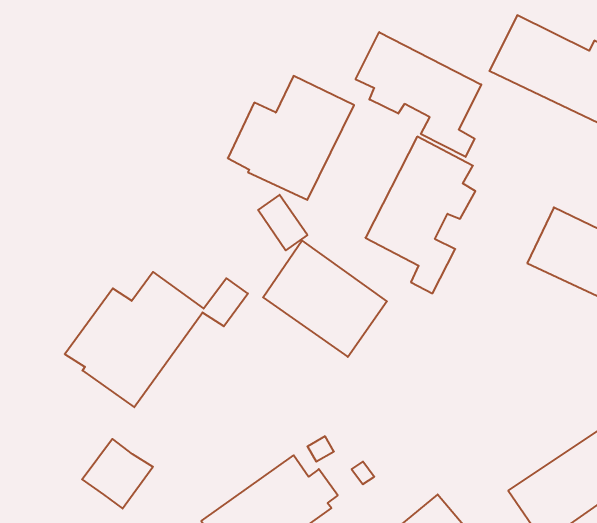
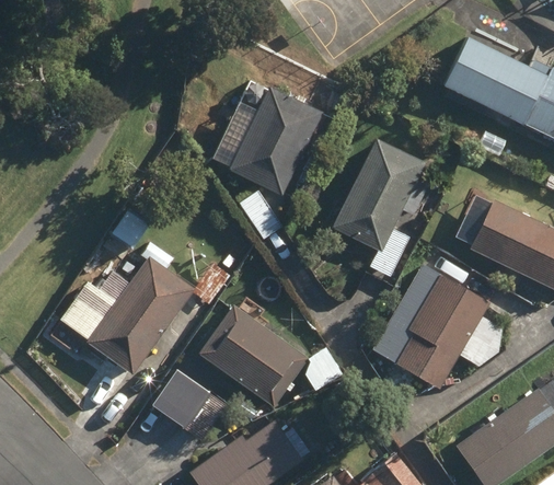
building: [356,32,481,157] -> none
building: [263,241,387,357] -> [199,305,307,406]
building: none -> [396,247,489,388]
building: [82,439,153,509] -> [163,379,224,439]

